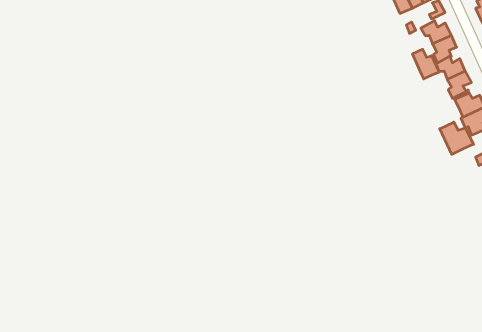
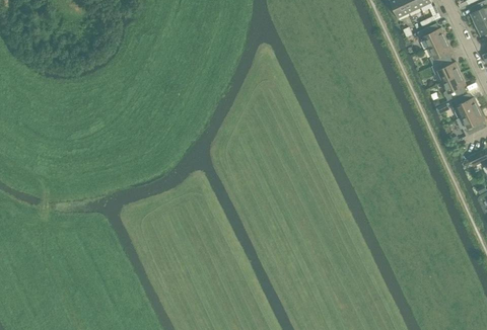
building: [413,49,439,79] -> none
building: [440,122,474,154] -> none

